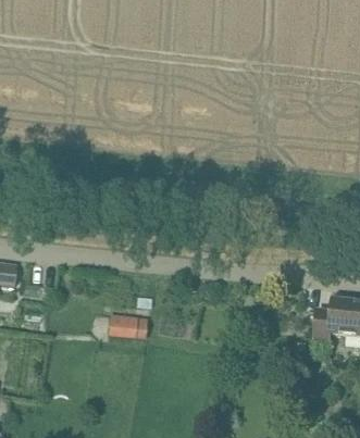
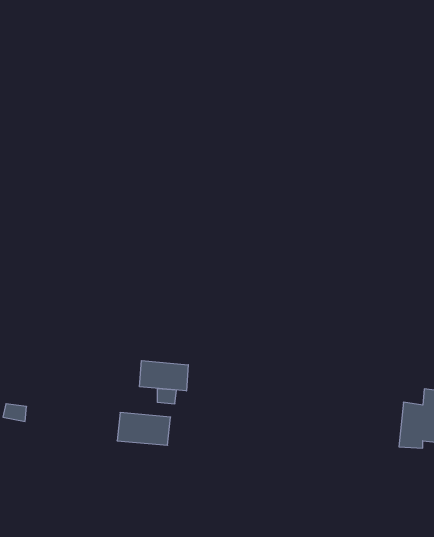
building: none -> [140,361,188,391]

